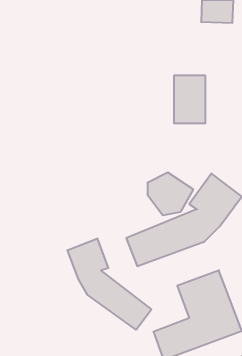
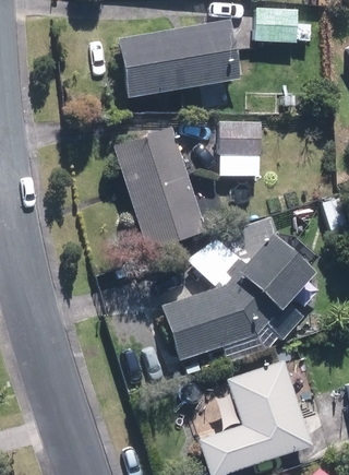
building: none -> [122,28,239,97]
building: none -> [111,124,197,240]
building: [67,238,151,330] -> none

